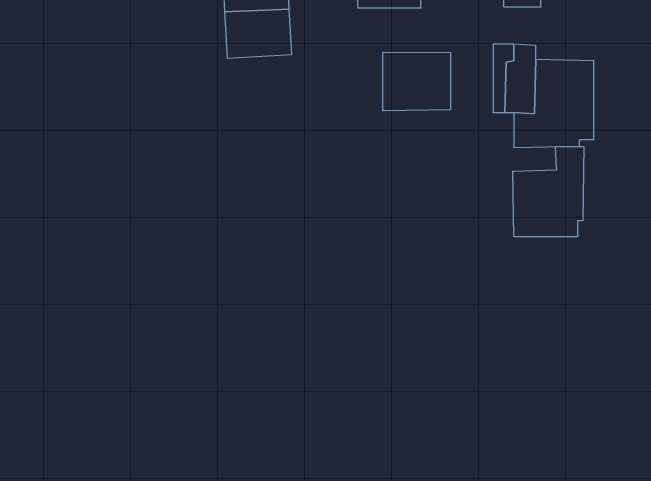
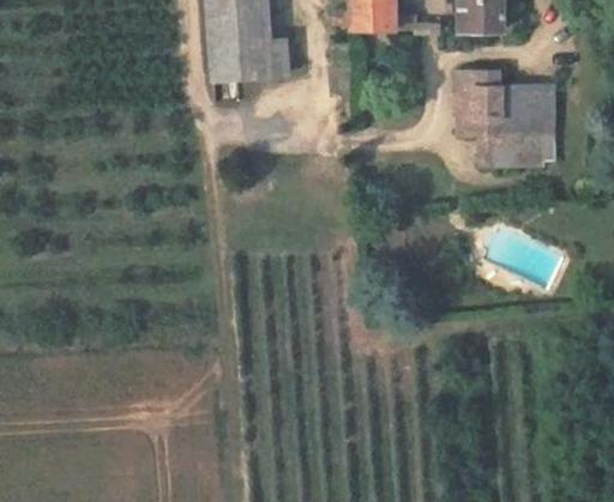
building: [383,52,450,111] -> none
building: [513,147,584,237] -> none

